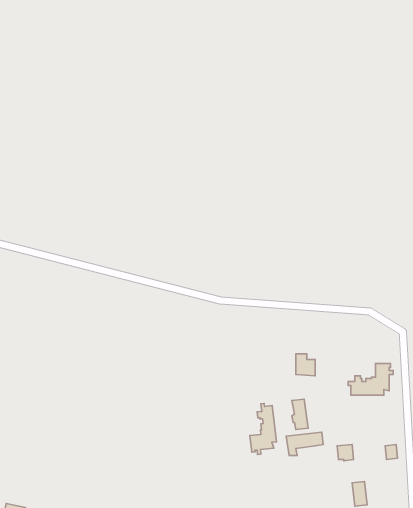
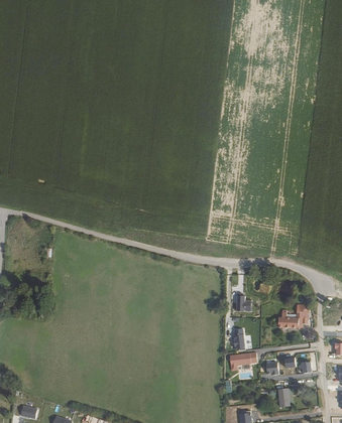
building: [250,404,276,455] -> none

